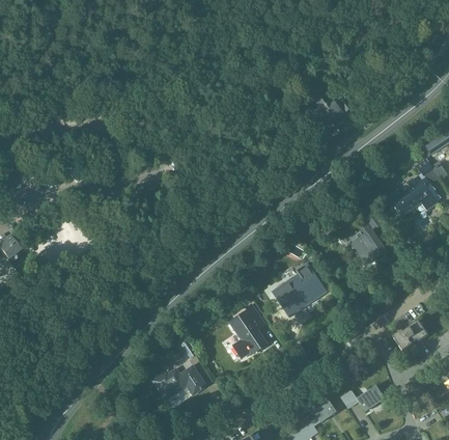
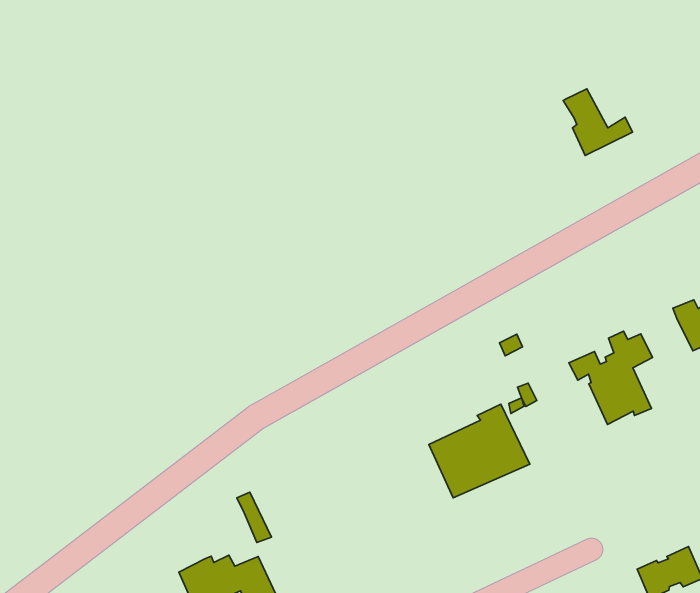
building: [230,304,269,358] -> none

